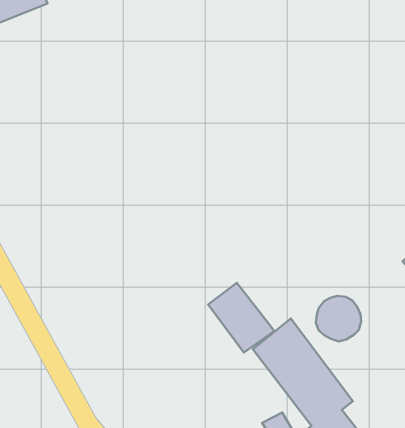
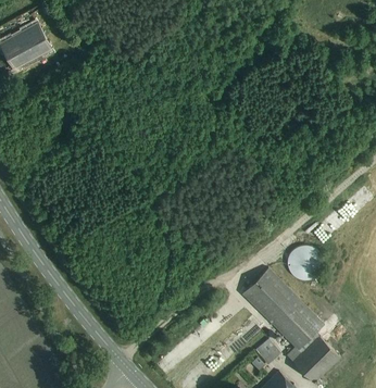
building: [208,283,274,352] -> none

